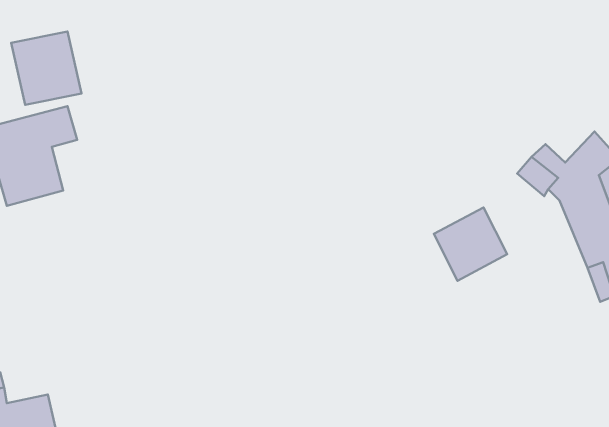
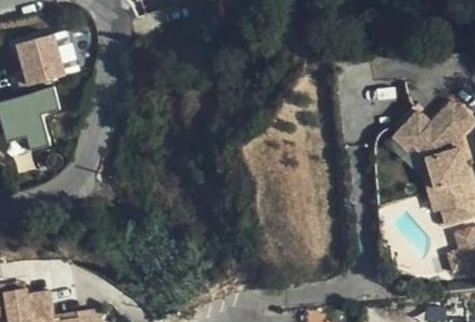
building: [434,207,507,281] -> none

